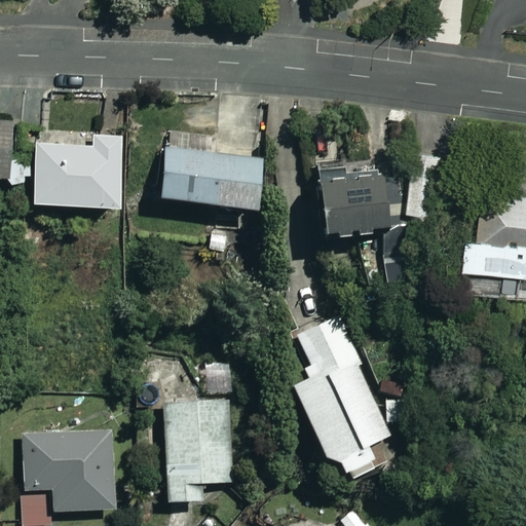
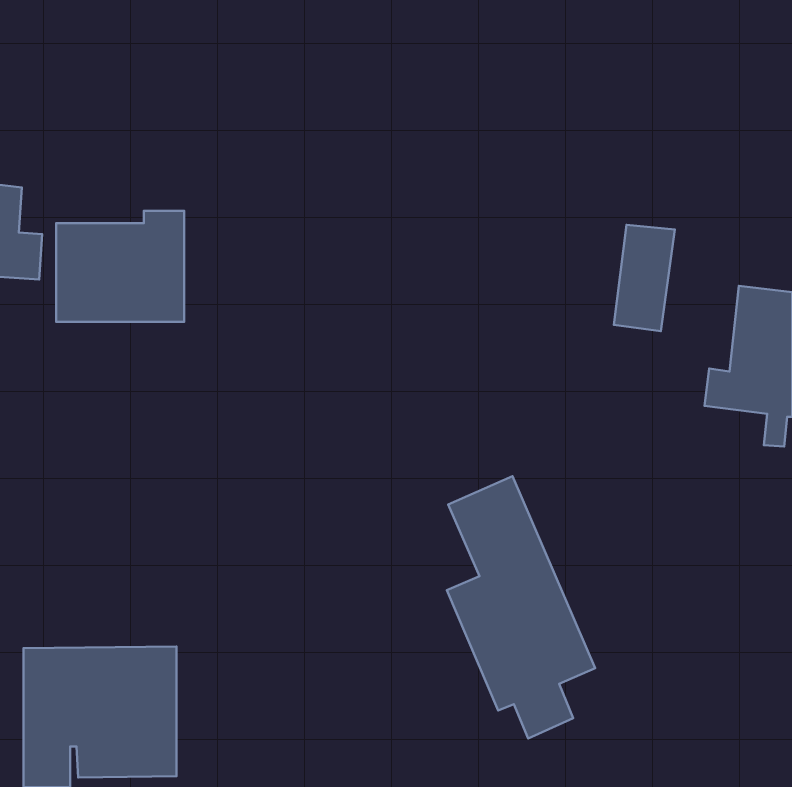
building: [162,129,263,213] -> none
building: [317,152,403,240] -> none
building: [162,396,231,503] -> none

